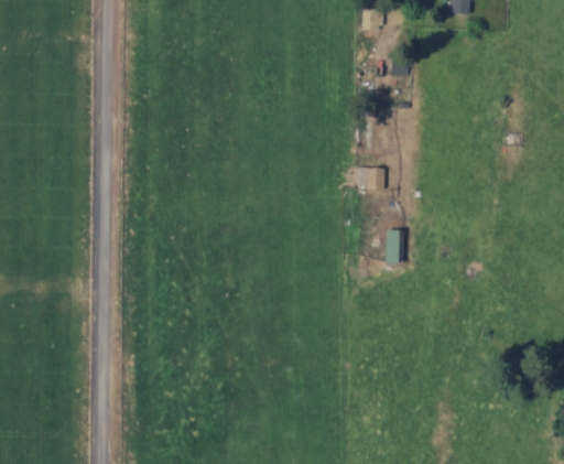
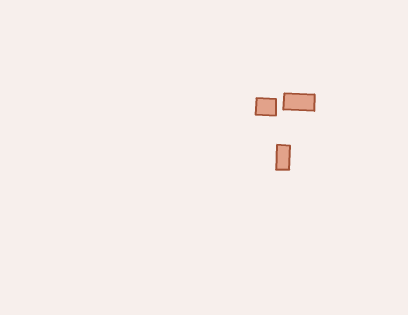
building: none -> [283,93,314,111]

